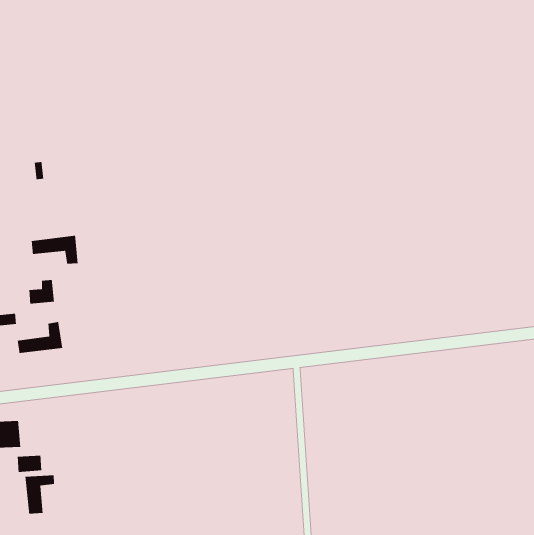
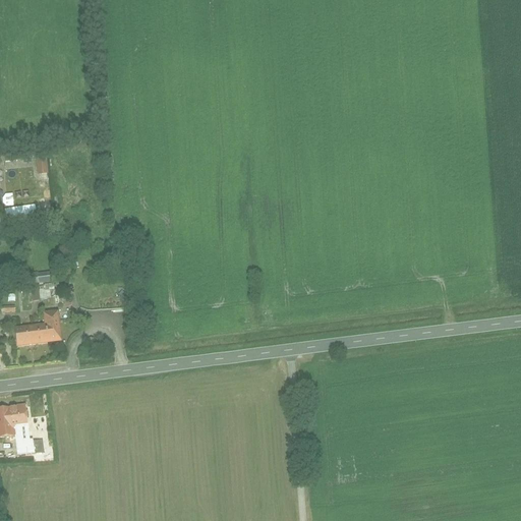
building: [31,235,78,265] -> none
building: [24,474,55,515] -> none

